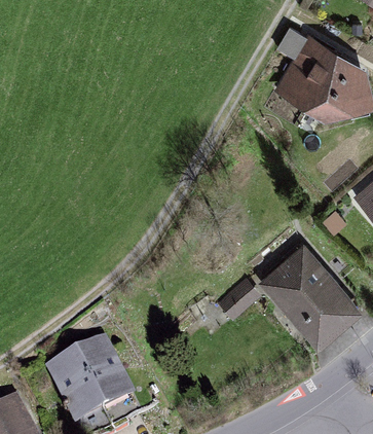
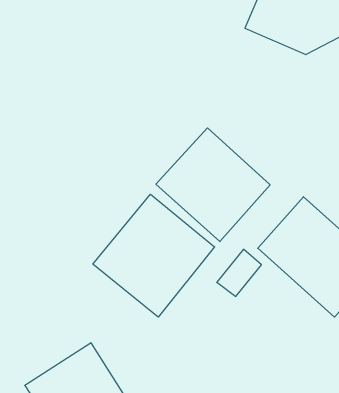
building: none -> [156,128,270,242]
building: none -> [93,194,215,317]

